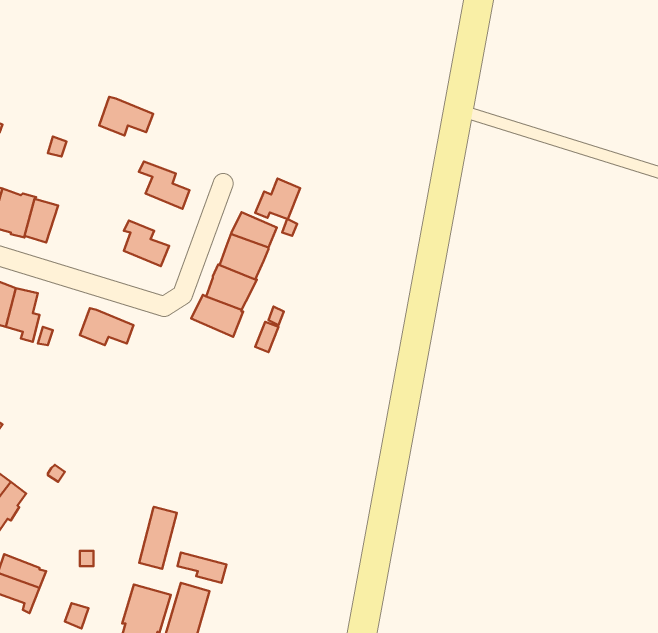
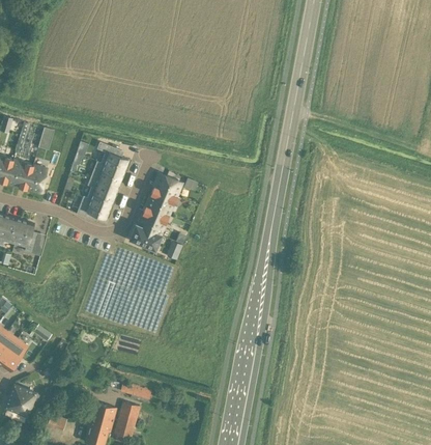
building: [99,97,153,136] -> [91,161,124,185]
building: [255,179,300,219] -> none
building: [80,308,134,345] -> [78,196,111,219]
building: [139,507,177,569] -> none

